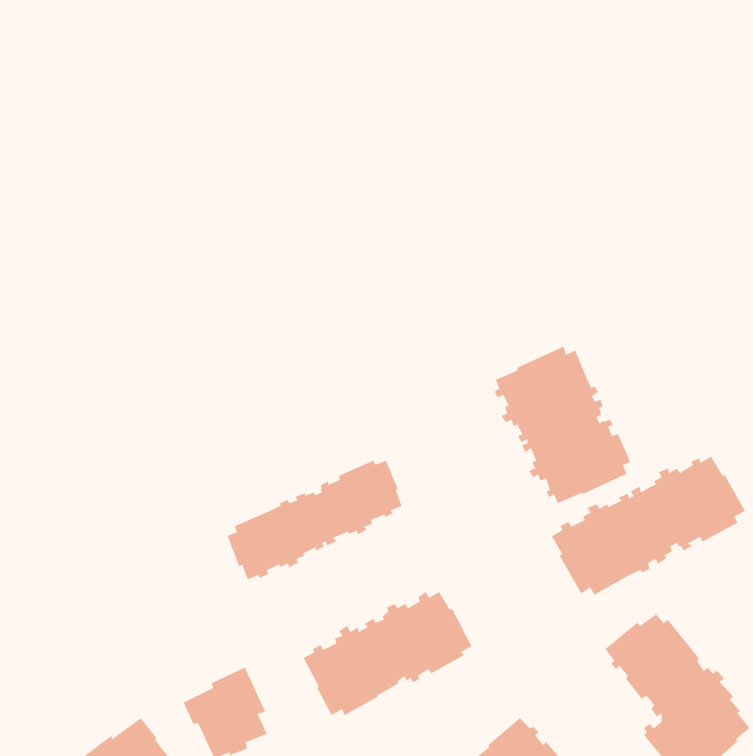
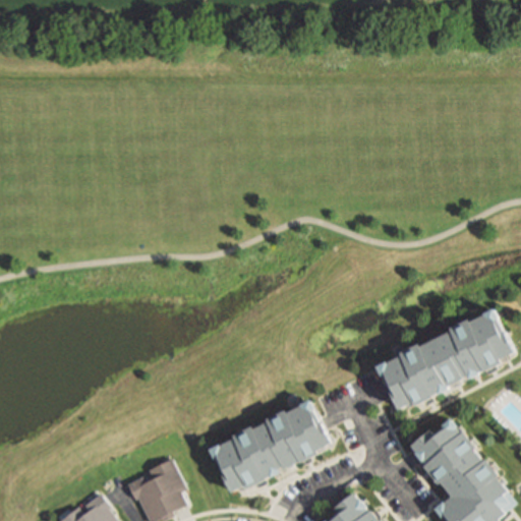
building: [494,346,631,504] -> none
building: [227,460,402,580] -> none

